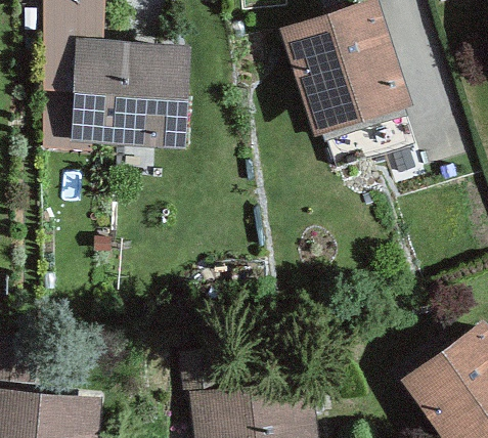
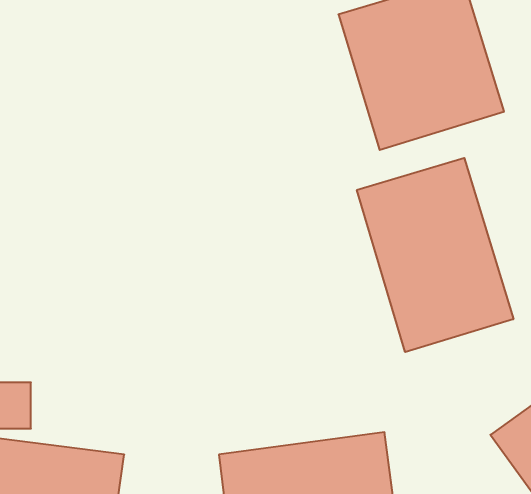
building: [70,43,180,143] -> none
building: none -> [357,158,513,352]

